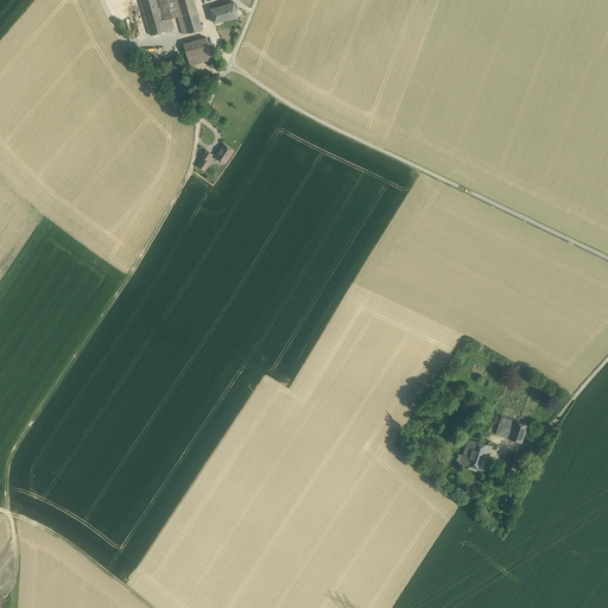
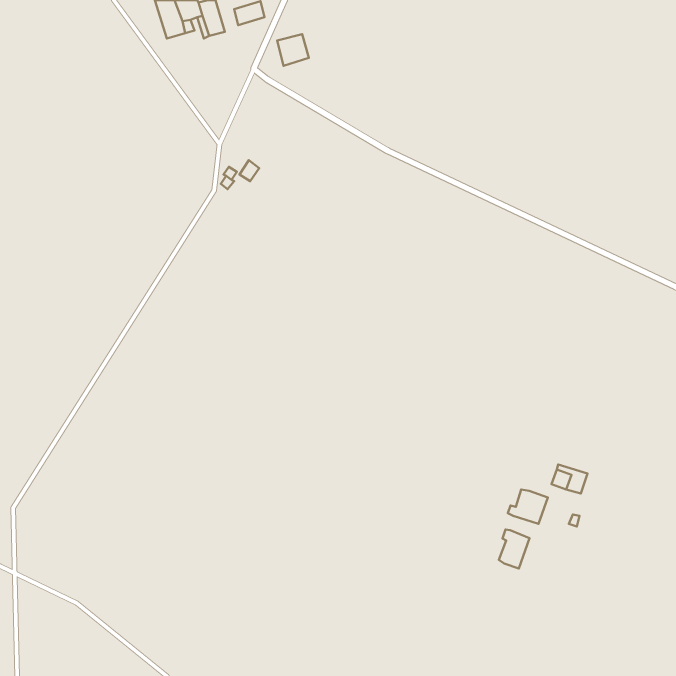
building: [184,37,213,65] -> [277,34,309,66]
building: none -> [499,530,530,568]

